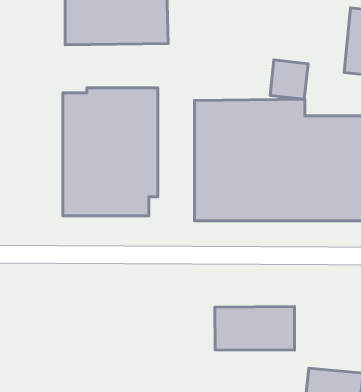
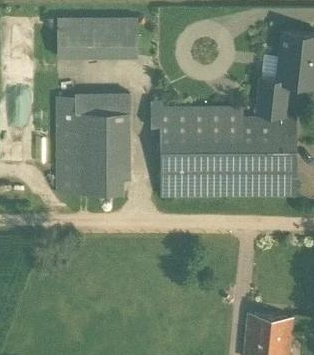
building: [270,60,308,99] -> [256,84,286,115]
building: [215,306,295,350] -> none

